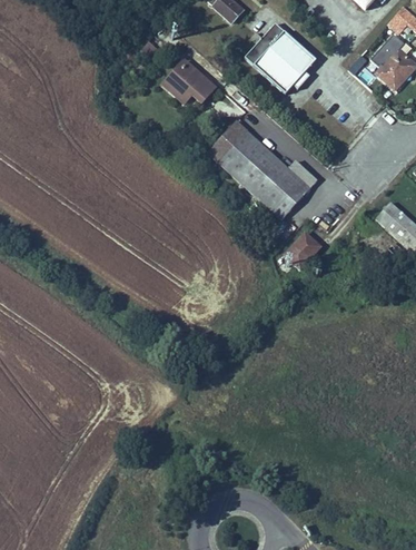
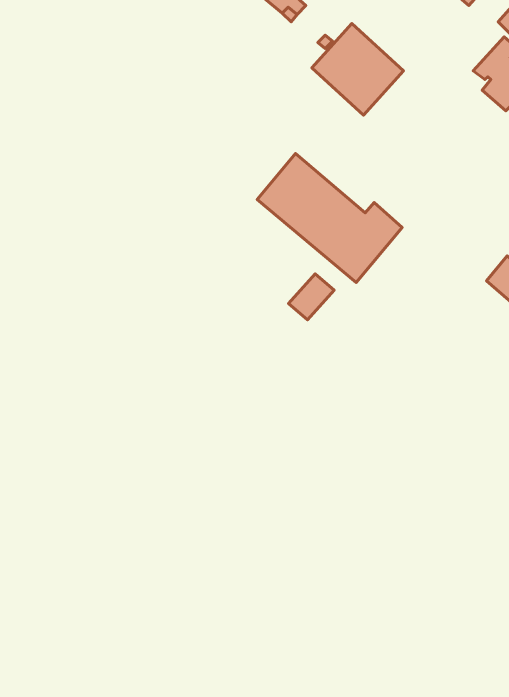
building: [164,61,215,106] -> none
building: [286,238,320,273] -> [288,274,334,320]

